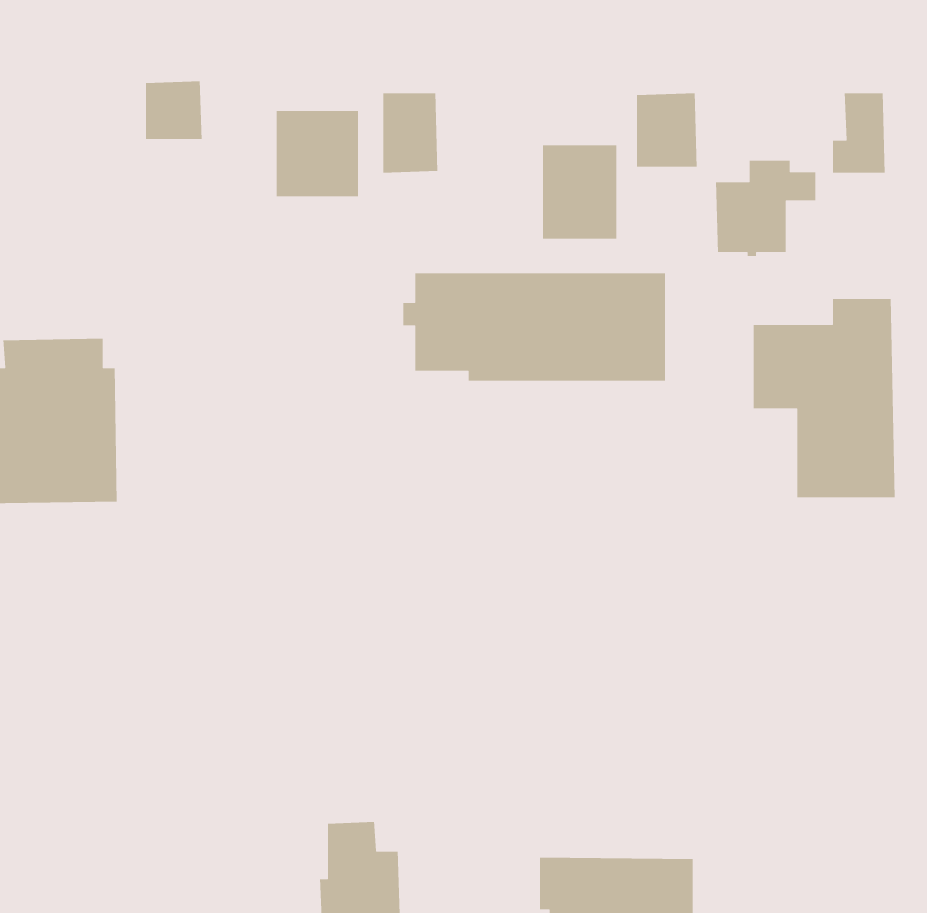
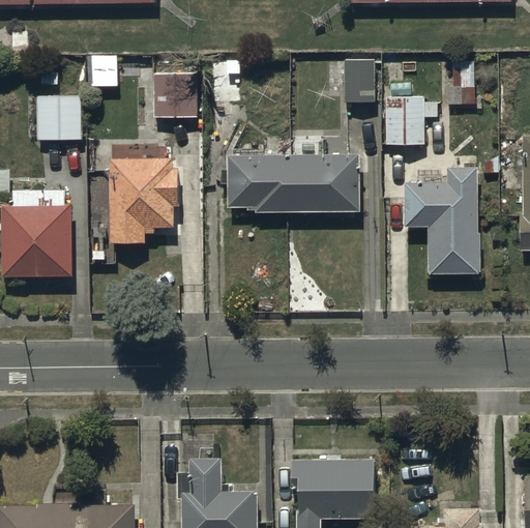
building: [542,144,617,239] -> none
building: none -> [37,96,81,139]
building: none -> [111,156,179,242]

